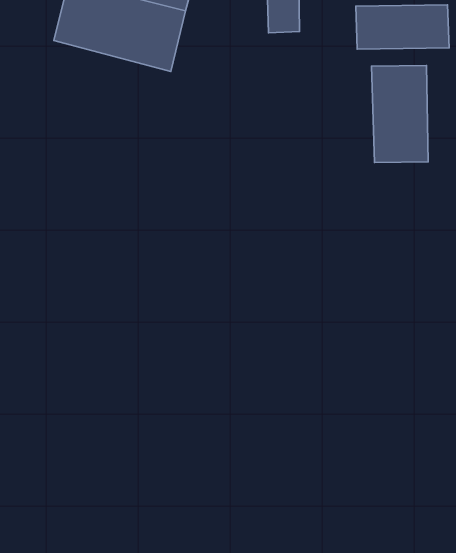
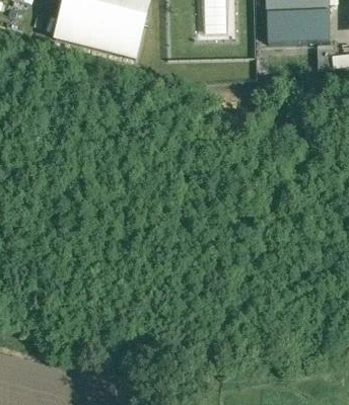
building: [372,66,428,163] -> none

